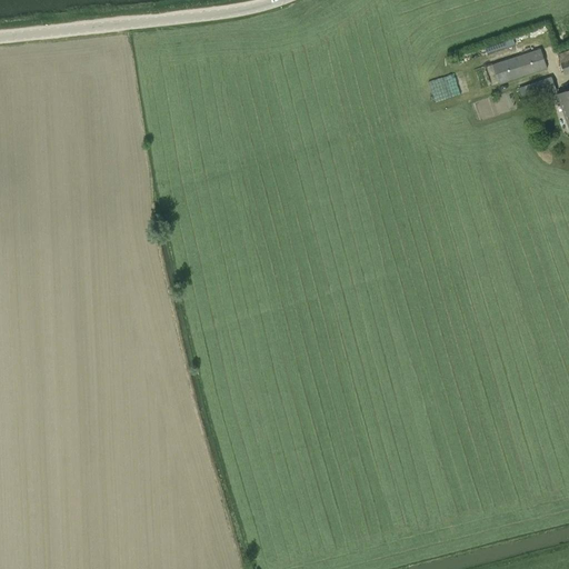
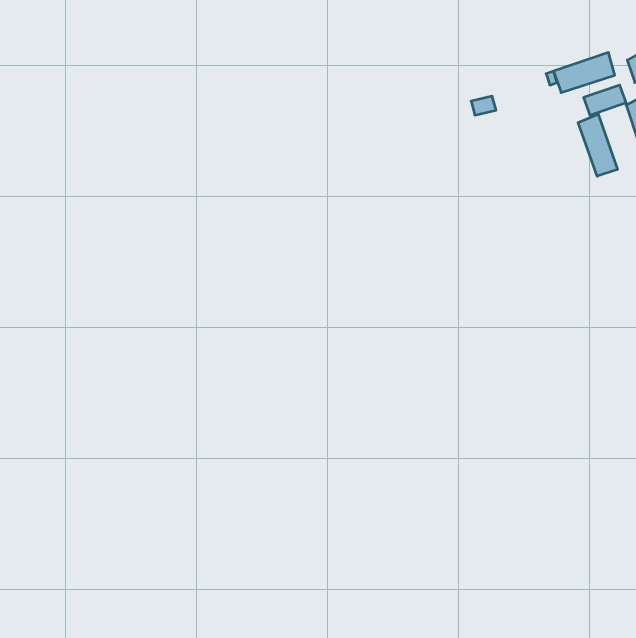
building: none -> [578,114,617,176]

